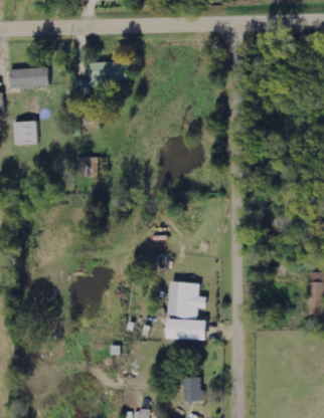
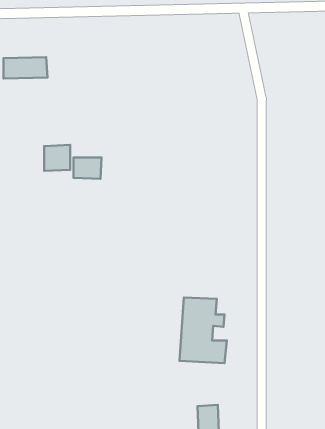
building: [88,60,127,83] -> none
building: [13,121,36,144] -> [44,145,70,171]

